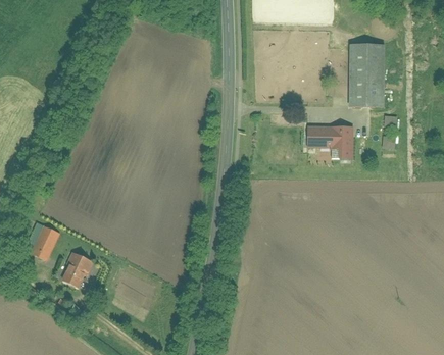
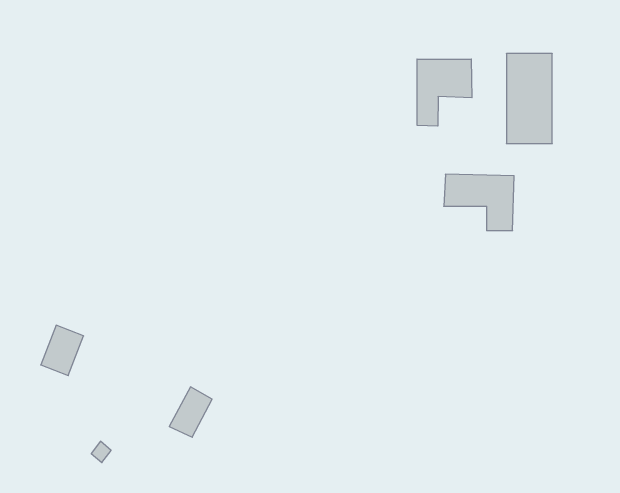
building: none -> [417,59,472,126]
building: [63,253,92,287] -> [169,387,212,437]

